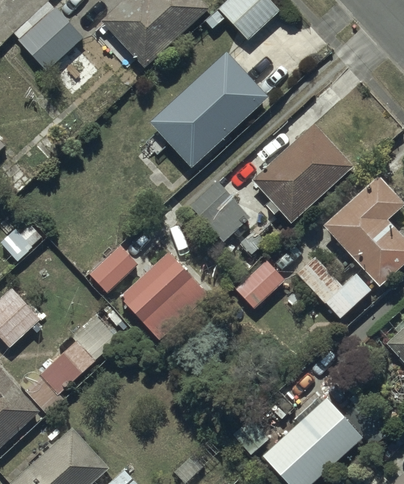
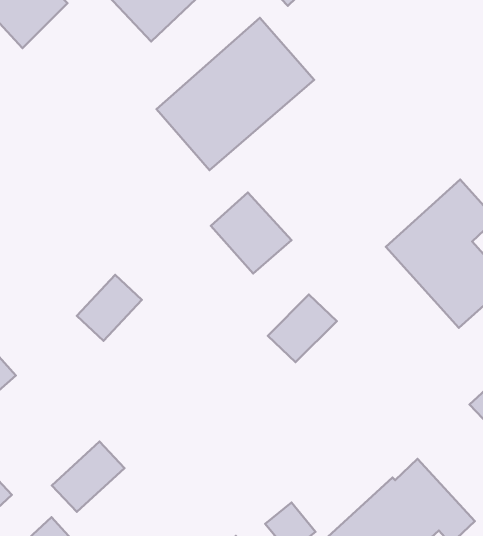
building: [251,124,352,223] -> none
building: [119,251,210,340] -> none
building: [298,258,371,319] -> none
building: [39,343,94,396] -> [52,442,125,512]

